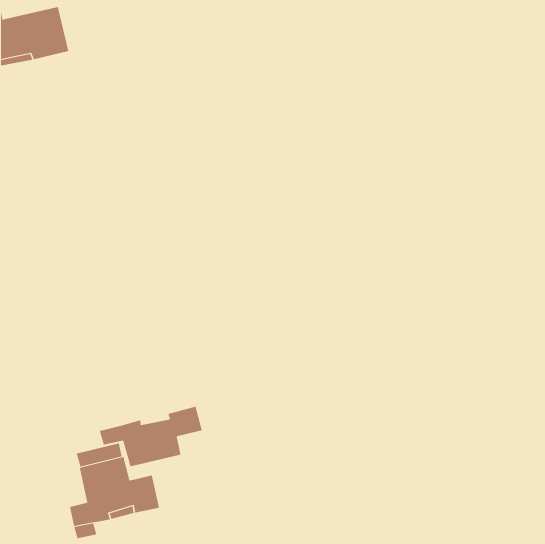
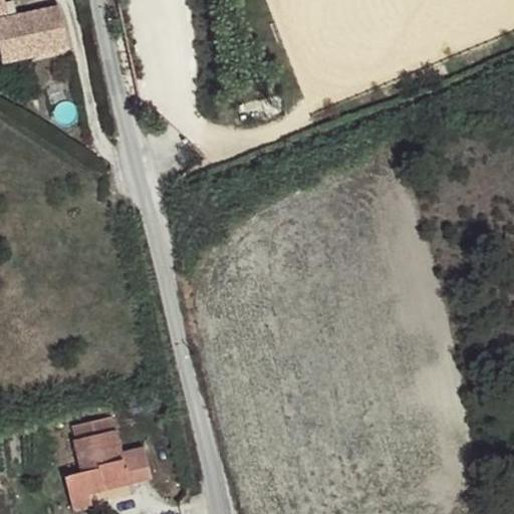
building: [99,406,202,467] -> none

